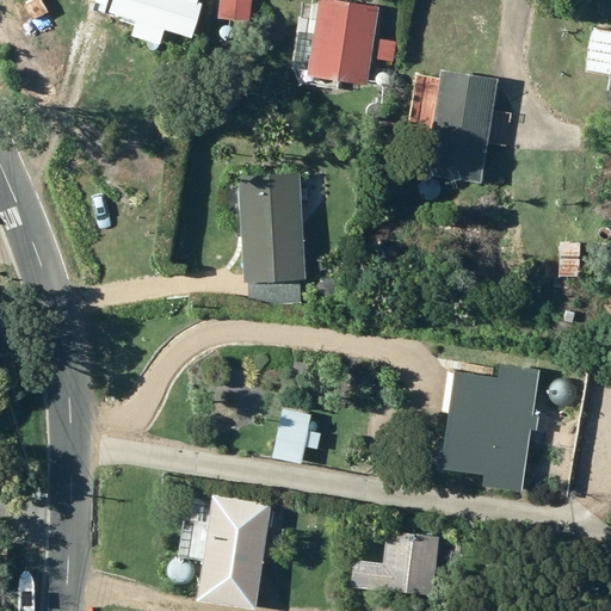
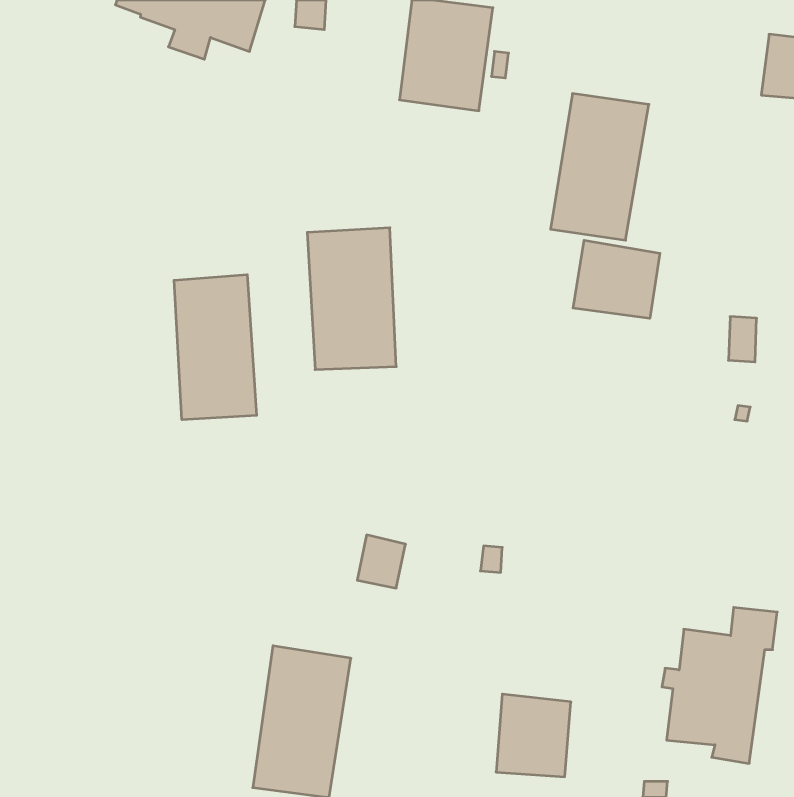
building: none -> [573,240,660,318]
building: none -> [174,275,257,420]
building: [450,369,538,488] -> [662,607,777,763]

